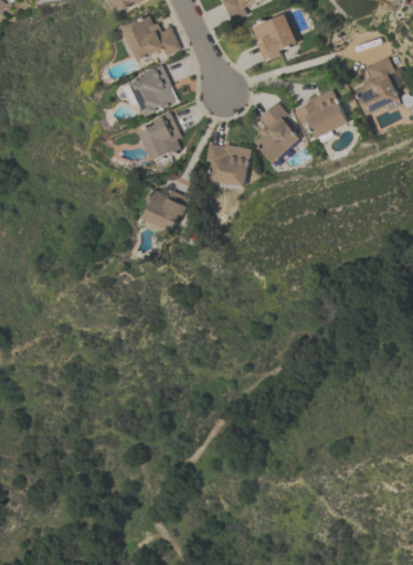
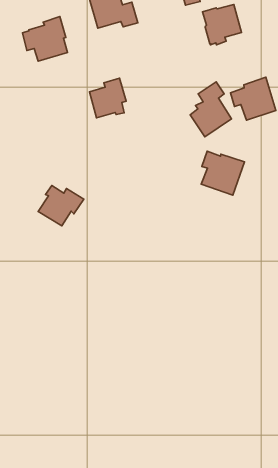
building: [123,64,176,117] -> [22,17,67,61]
building: [205,142,252,186] -> [201,151,245,195]
building: [145,190,193,233] -> [38,185,84,226]

